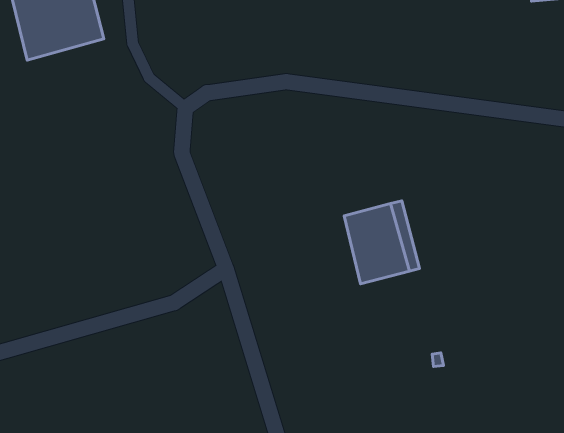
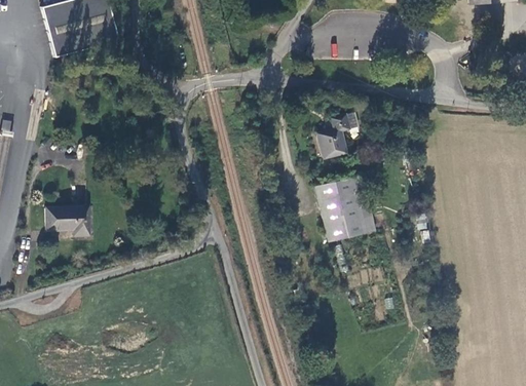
building: none -> [317,111,349,156]
building: none -> [46,205,89,235]

